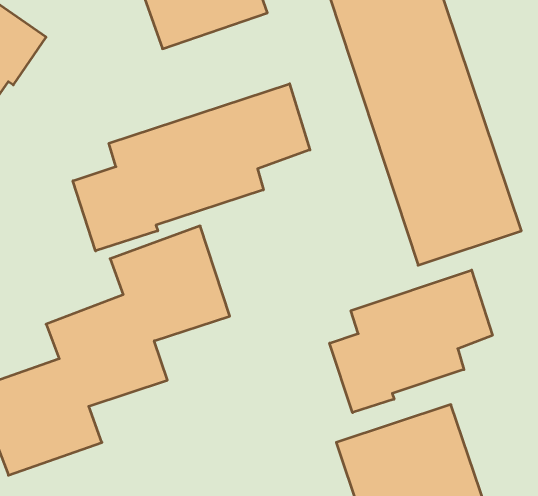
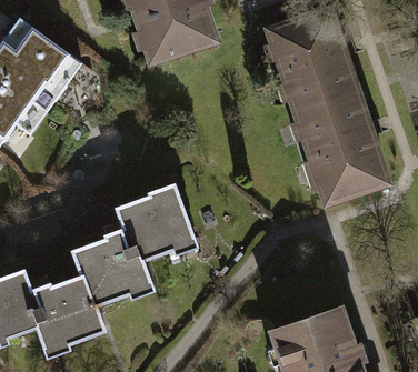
building: [73,84,310,251] -> none
building: [330,270,492,413] -> none

